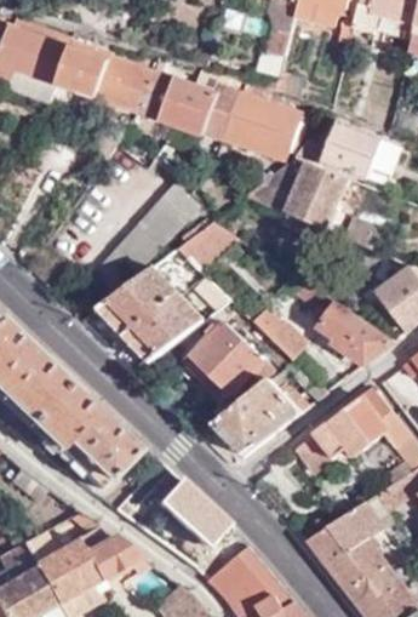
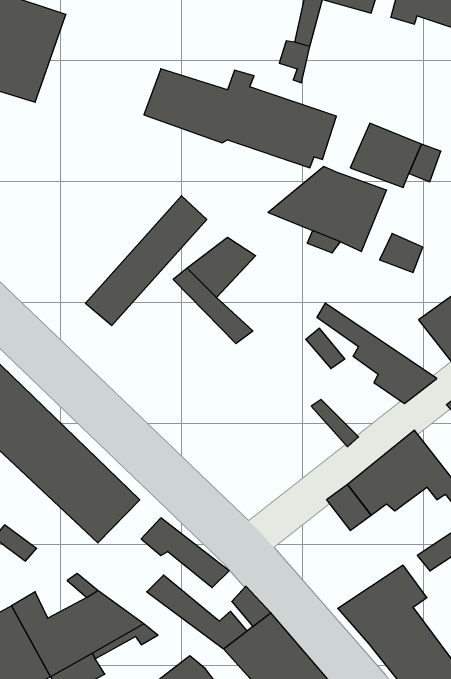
building: [51,25,159,113] -> none
building: [95,267,204,364] -> none
building: [242,301,307,359] -> none
building: [189,321,271,395] -> none
building: [211,378,298,457] -> none

